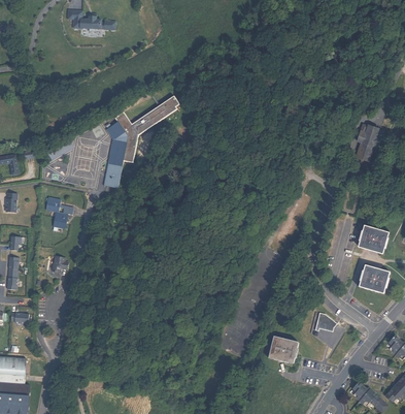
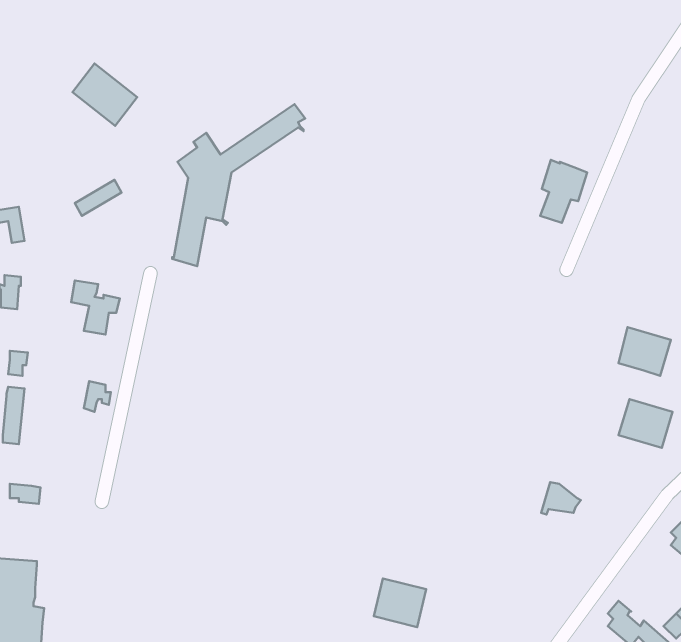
building: none -> [73,64,137,126]
building: [356,124,382,160] -> [540,160,587,223]
building: [268,336,298,363] -> [374,579,426,627]

